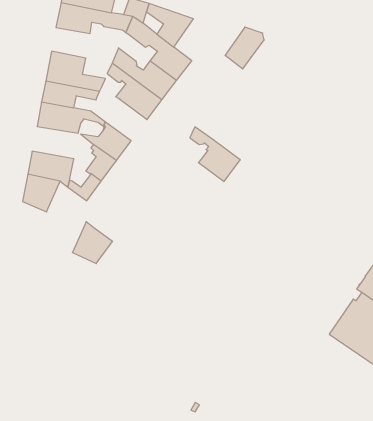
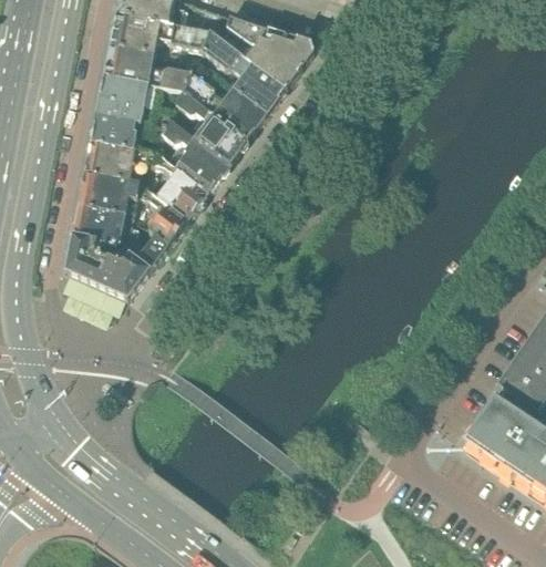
building: [225,27,264,69] -> [262,32,313,86]
building: none -> [104,43,190,90]
building: none -> [79,172,158,214]
building: [190,127,240,181] -> [163,120,228,190]
building: [72,222,113,264] -> [97,243,150,297]

